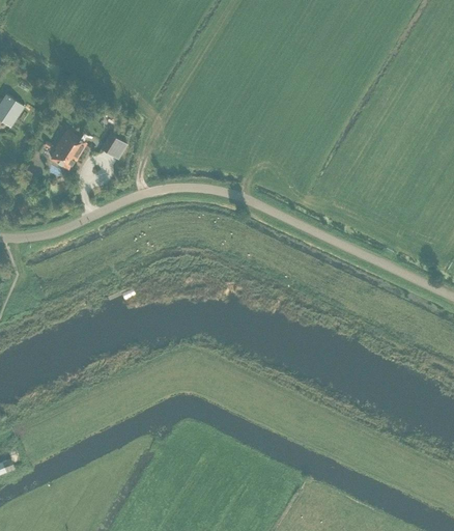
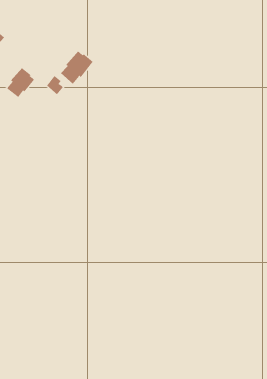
building: none -> [60,51,93,84]

